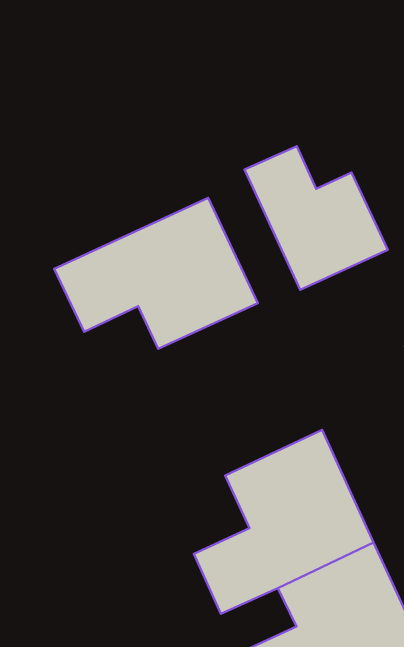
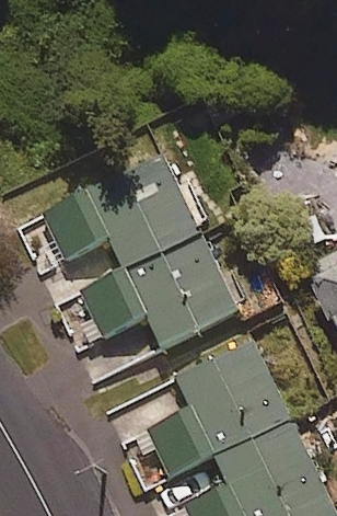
building: [244,146,388,290] -> none
building: none -> [84,238,236,347]

